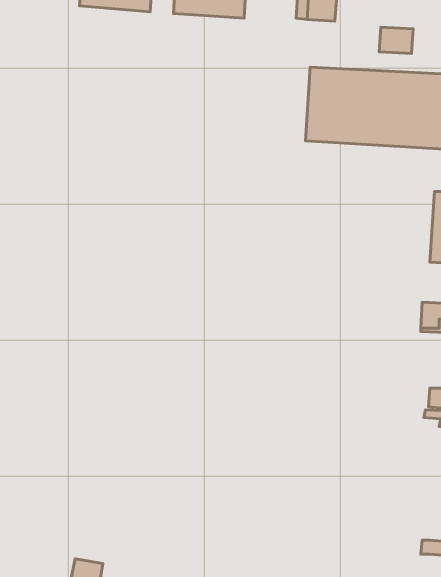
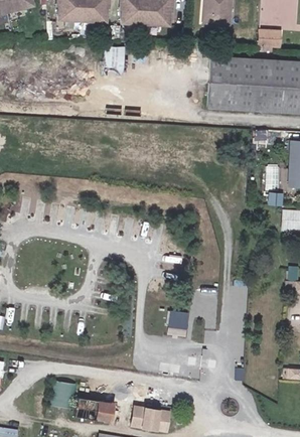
building: none -> [168,311,189,337]

